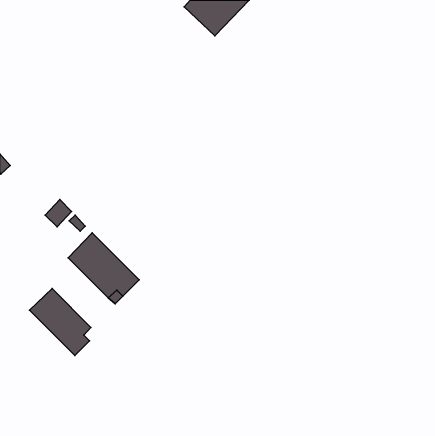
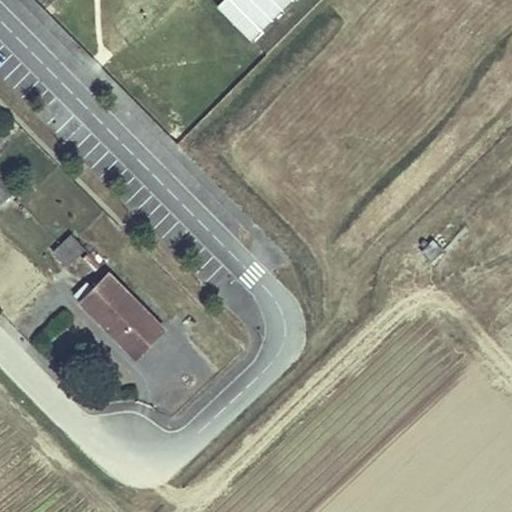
building: [30,289,91,356] -> none

